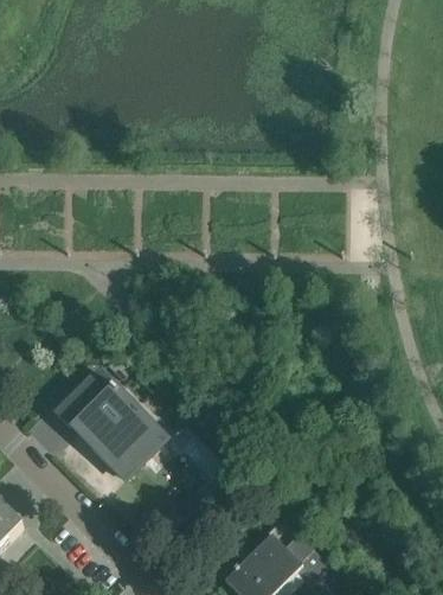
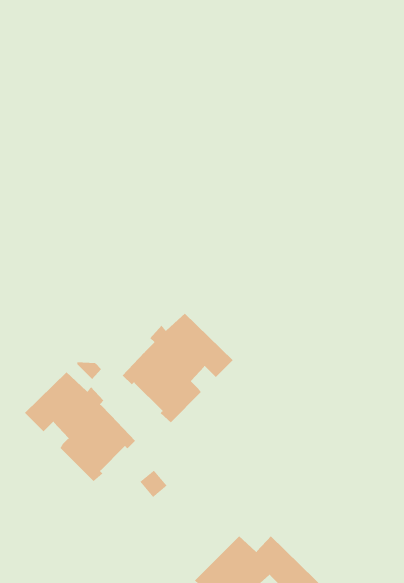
building: none -> [122,313,234,423]

